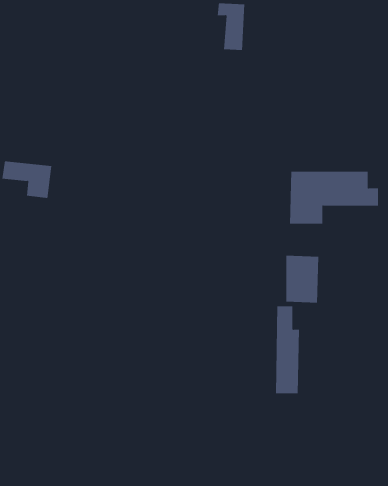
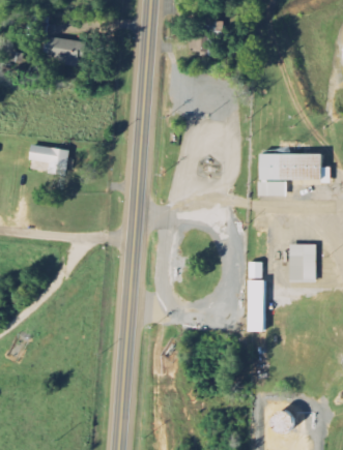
building: none -> [48,37,85,65]
building: [286,255,319,303] -> [289,243,316,281]

